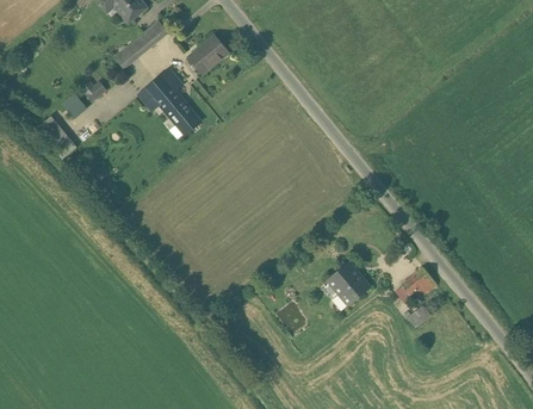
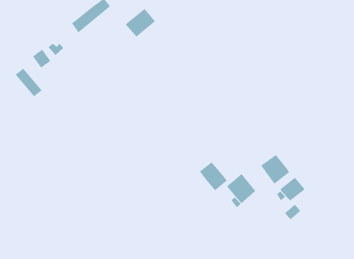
building: [138,68,199,132] -> none
building: none -> [261,154,290,184]
building: none -> [199,162,228,191]

